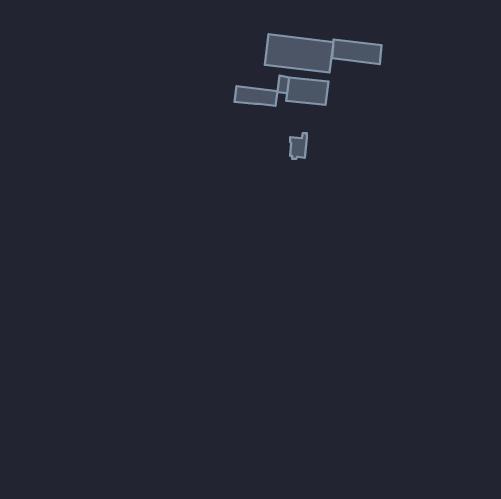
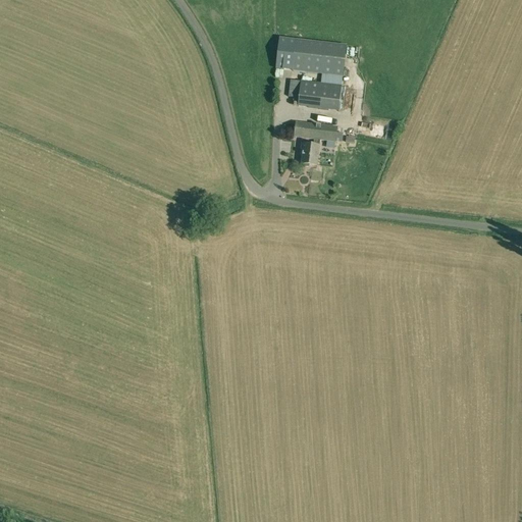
building: [332,40,381,64] -> none
building: [234,86,278,106] -> [294,120,338,141]

